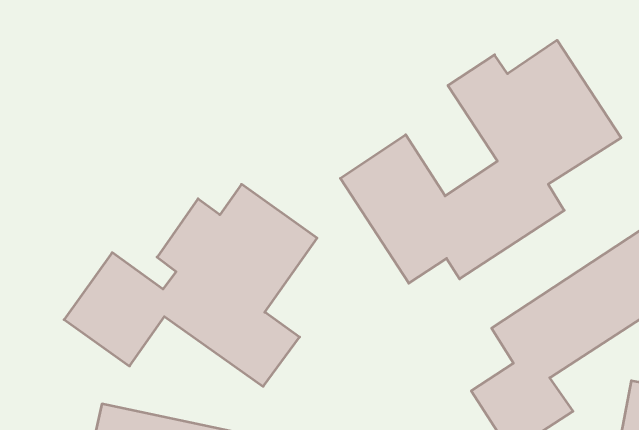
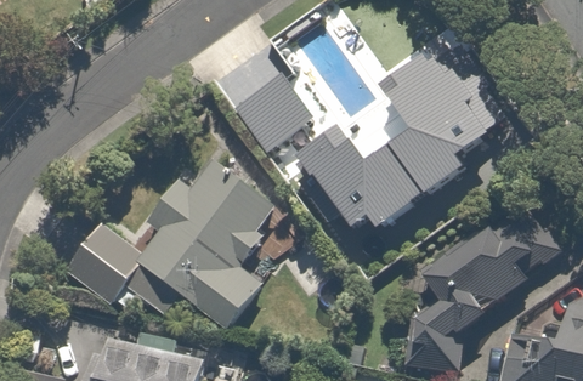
building: none -> [231,70,310,147]

